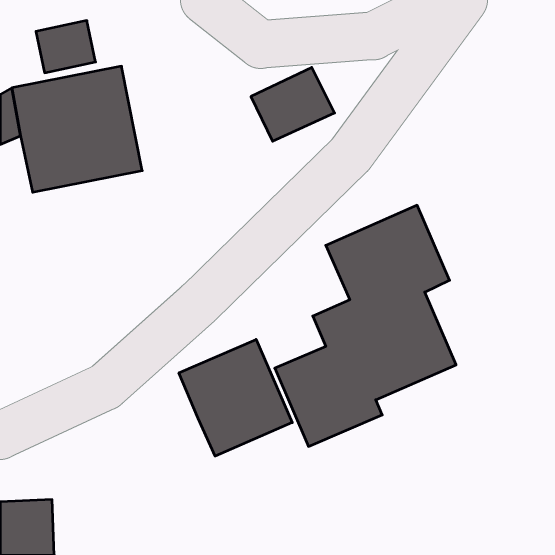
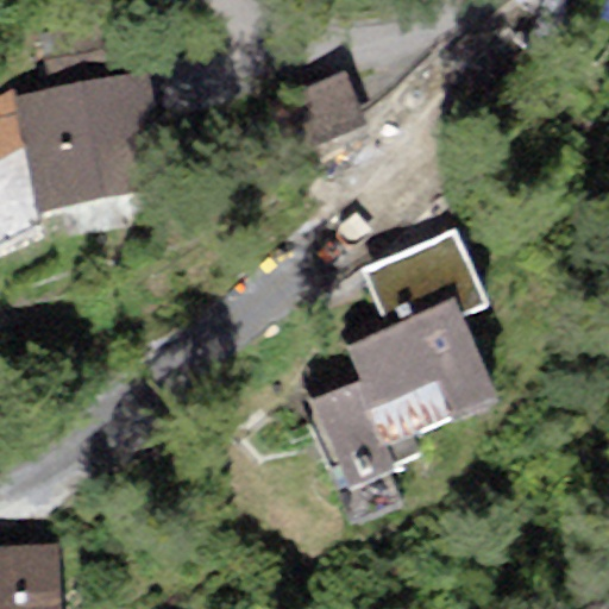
building: [179,339,292,456] -> none

